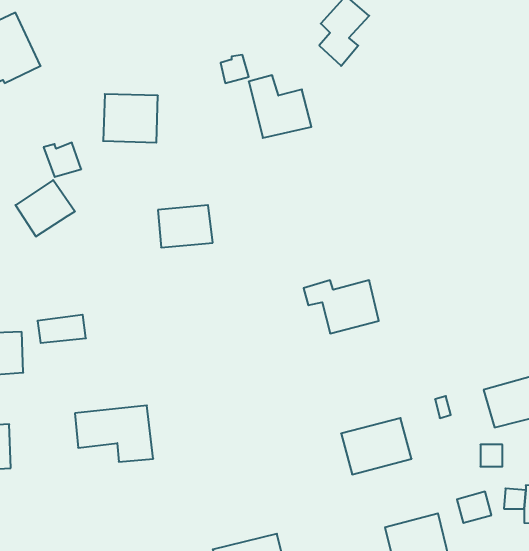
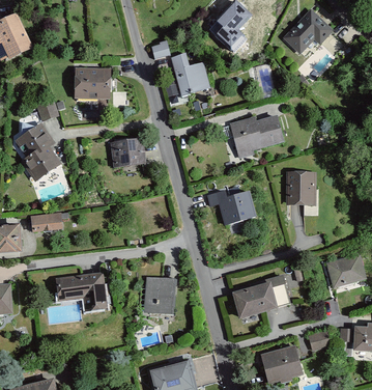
building: none -> [283,9,335,53]
building: none -> [230,114,284,157]
building: none -> [25,146,61,180]
building: none -> [284,170,316,205]
building: none -> [143,276,174,313]

